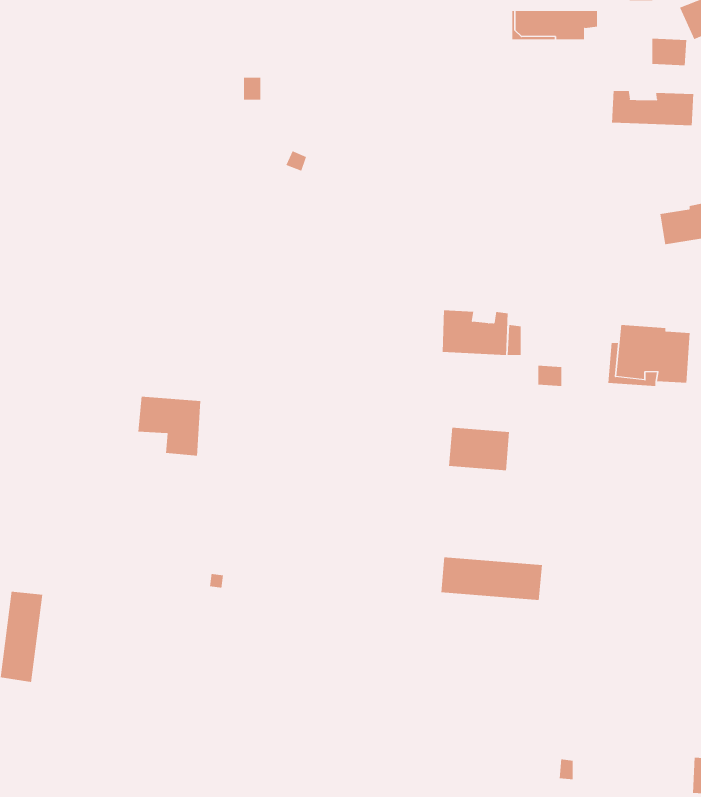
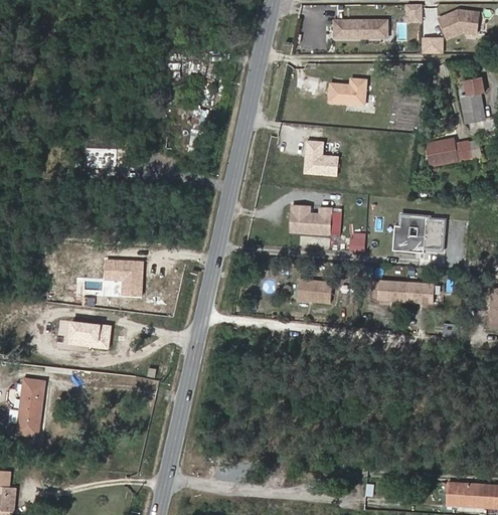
building: [612,90,694,126] -> none
building: none -> [328,76,366,103]
building: none -> [303,143,336,178]
building: none -> [65,321,111,350]
building: [440,557,543,601] -> [372,280,436,307]

